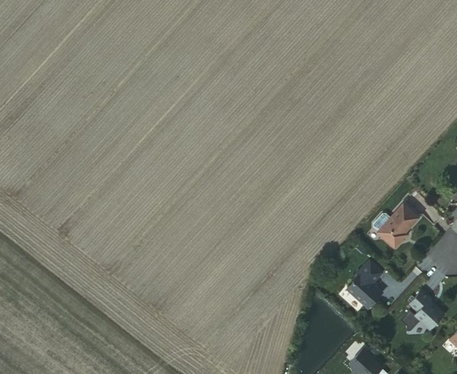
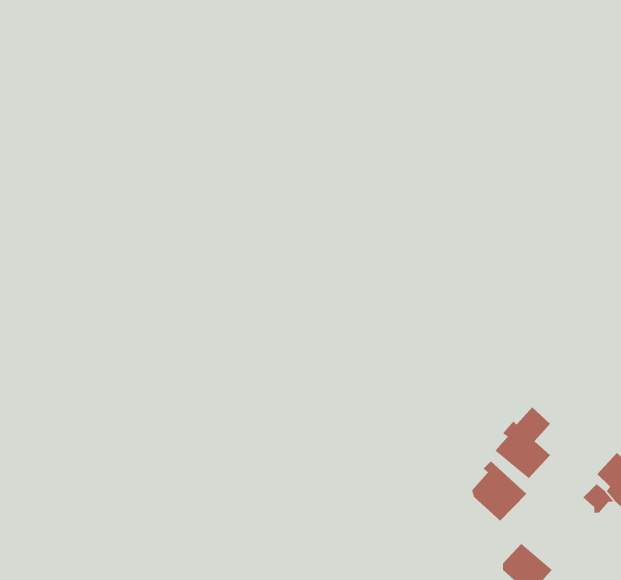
building: [374,206,419,250] -> none
building: none -> [471,461,527,521]

